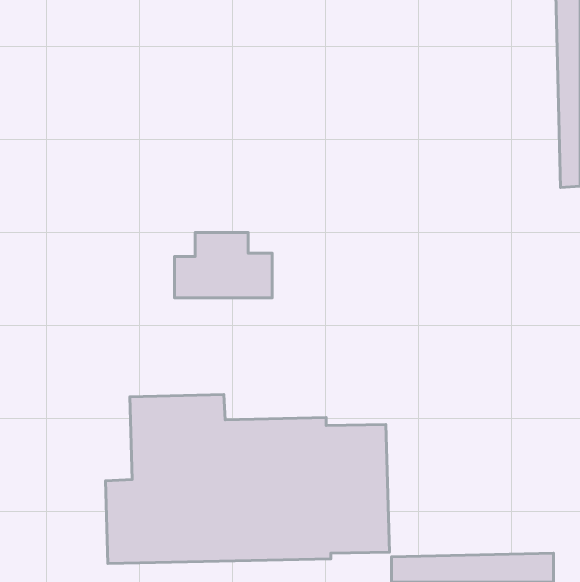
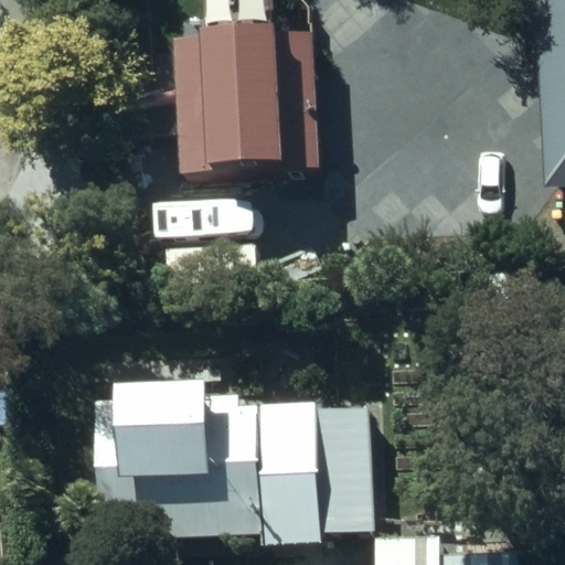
building: none -> [171,26,319,172]

